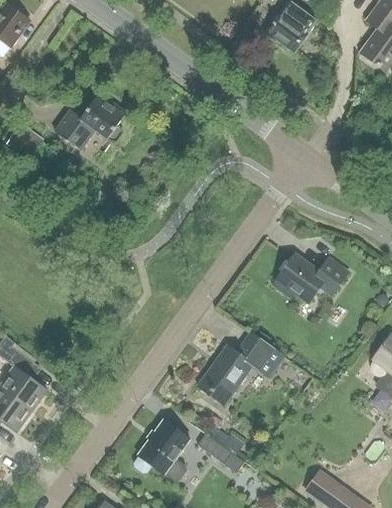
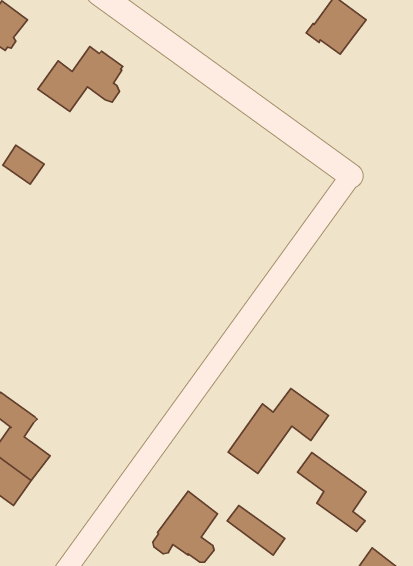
building: [53,95,125,150] -> [38,47,123,112]
building: [271,253,347,302] -> none
building: none -> [297,453,366,531]

